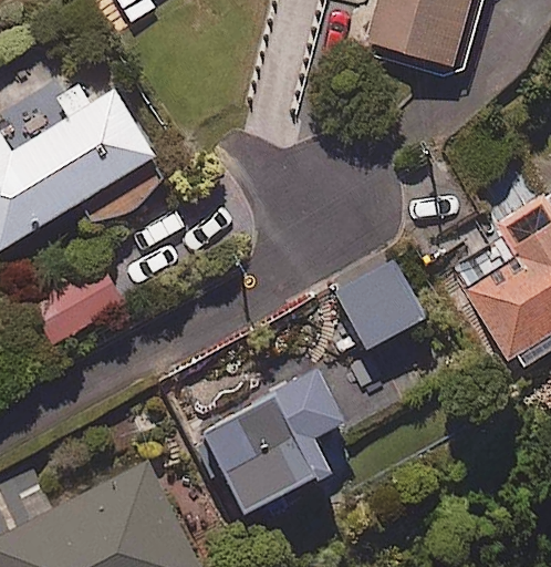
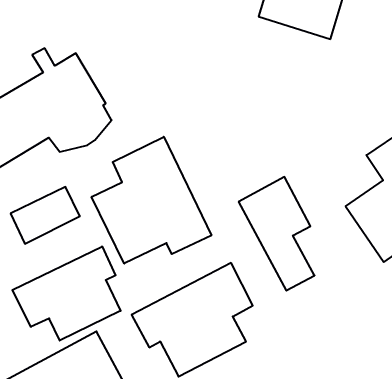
building: none -> [92,137,211,264]
building: none -> [12,246,121,341]

